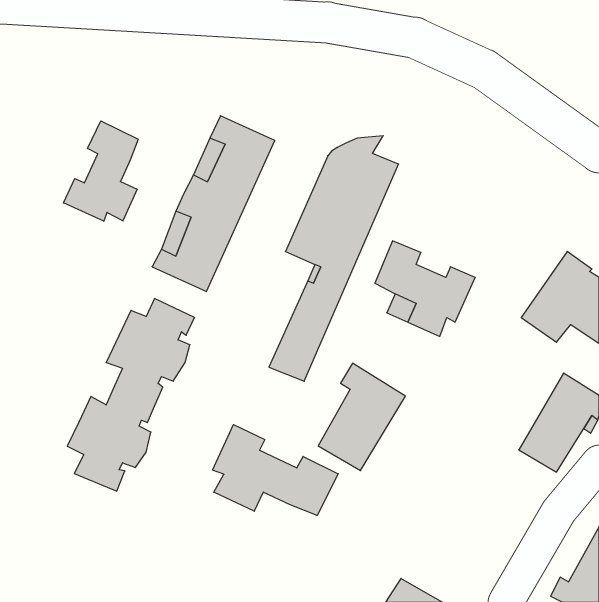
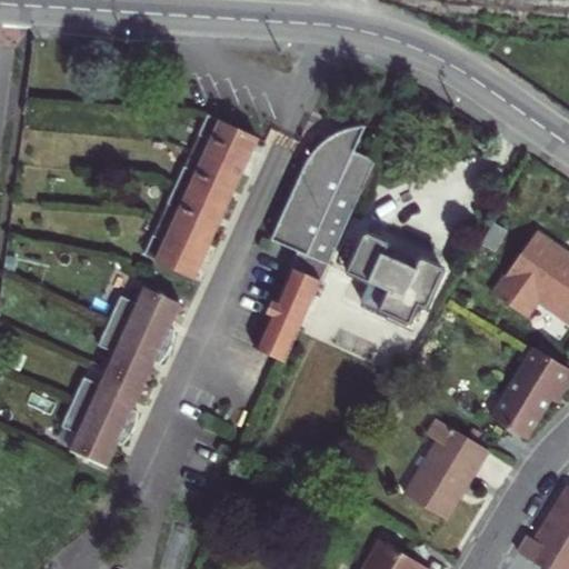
building: [63,121,138,221] -> none
building: [318,363,405,471] -> [403,423,486,525]
building: [212,425,338,516] -> none

